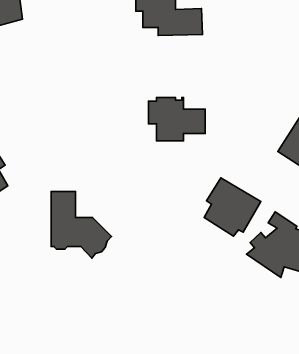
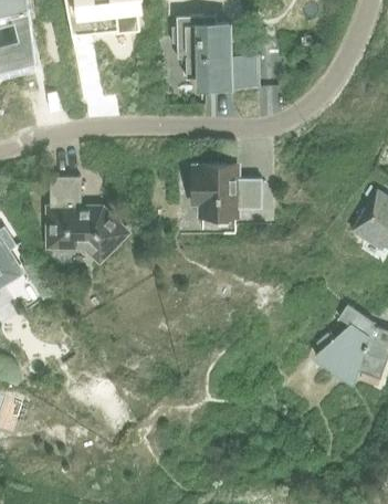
building: [204,178,261,236] -> none
building: [51,192,112,258] -> [50,178,124,260]

